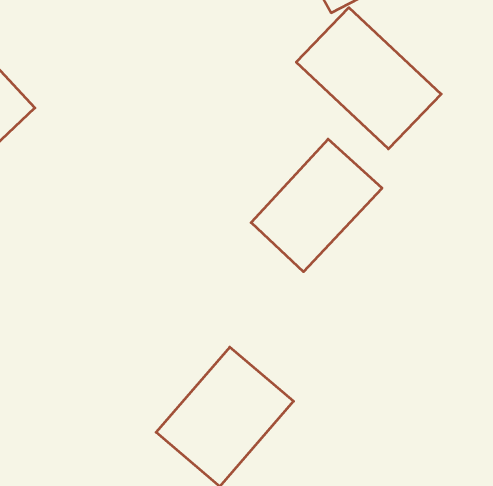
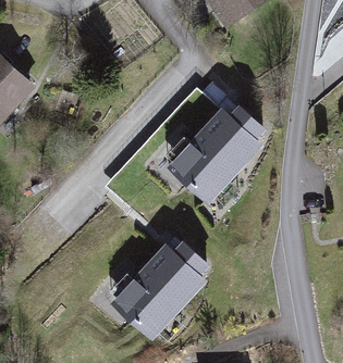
building: [296,8,441,149] -> none

